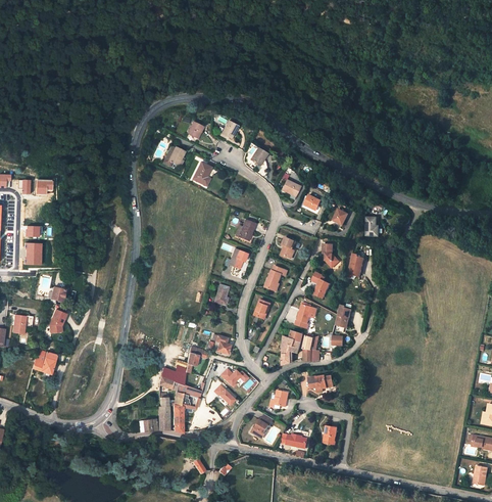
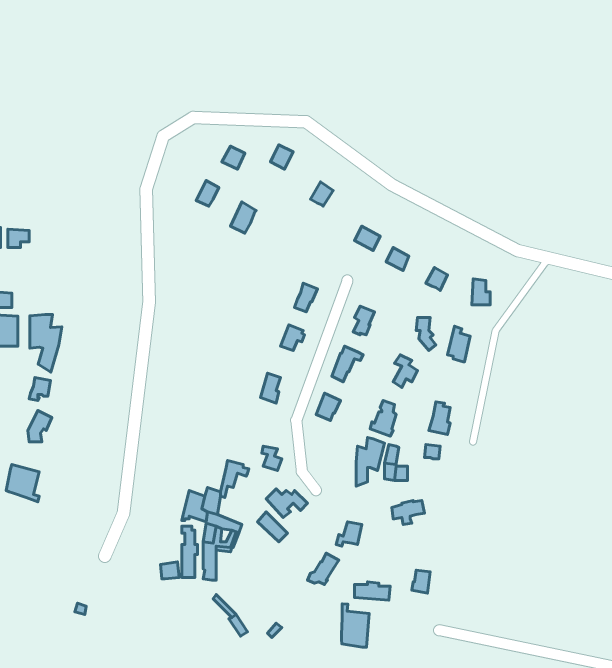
building: none -> [30,314,62,372]
building: none -> [341,604,369,647]

